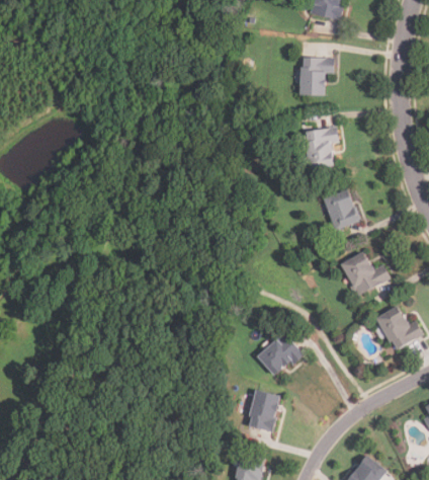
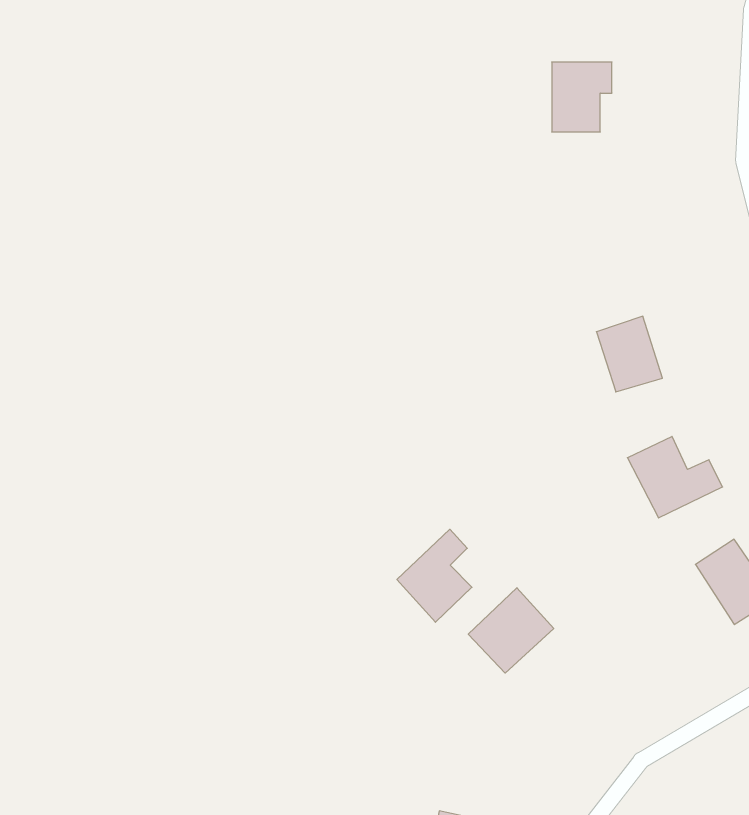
building: [305,128,337,168] -> none
building: none -> [397,529,472,622]
building: [247,391,278,432] -> none

